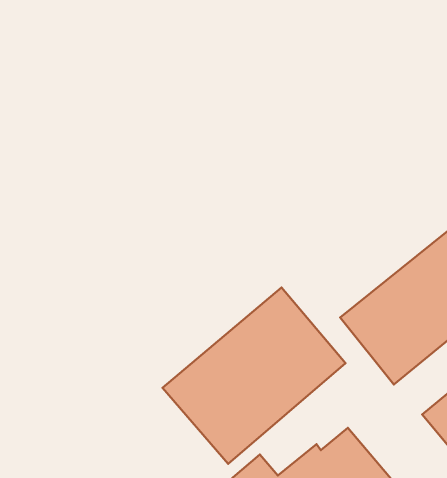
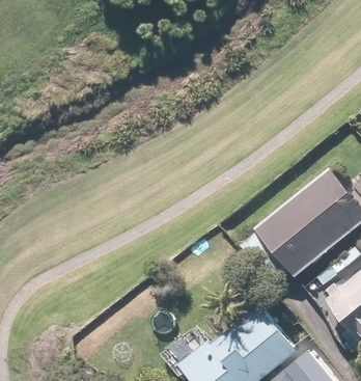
building: [163,287,345,464] -> none

